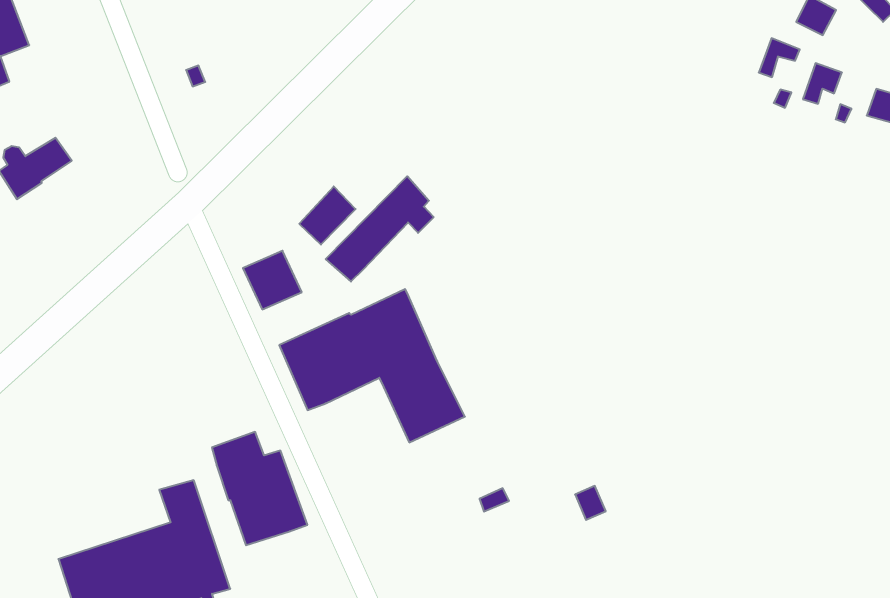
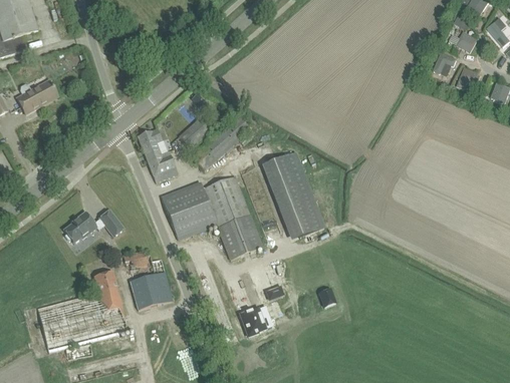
building: none -> [138,128,162,158]
building: none -> [262,152,325,240]
building: none -> [63,210,123,243]
building: none -> [242,306,273,337]

